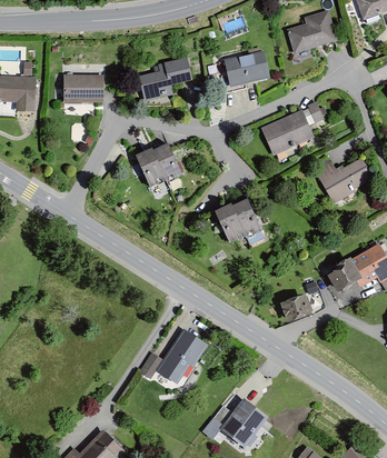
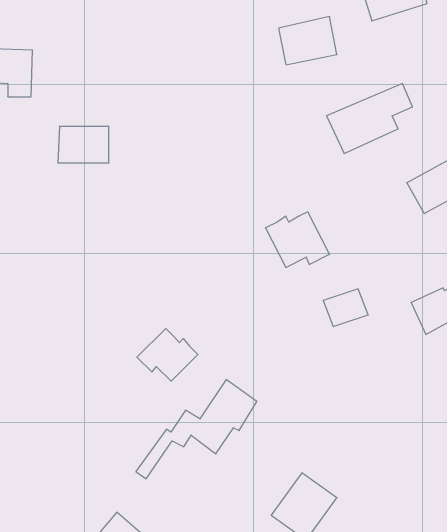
building: [140,58,191,100] -> none
building: [62,74,101,102] -> [58,126,109,163]
building: [135,145,182,187] -> none
building: none -> [137,329,198,381]
building: [279,295,314,323] -> [323,289,368,327]

